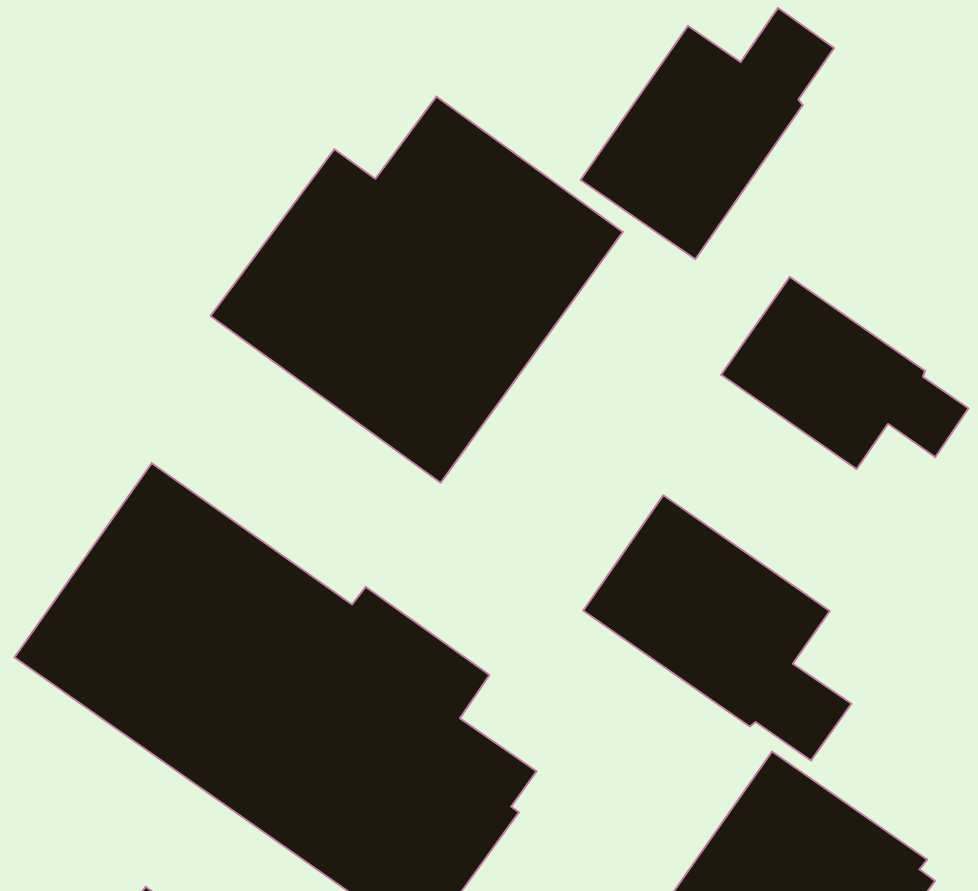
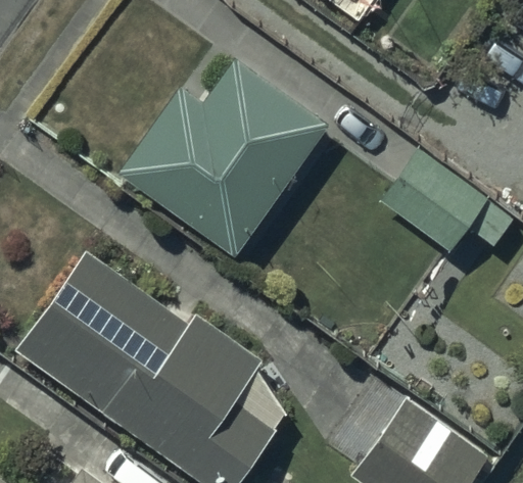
building: [581,8,834,259] -> none
building: [583,495,852,761] -> none

